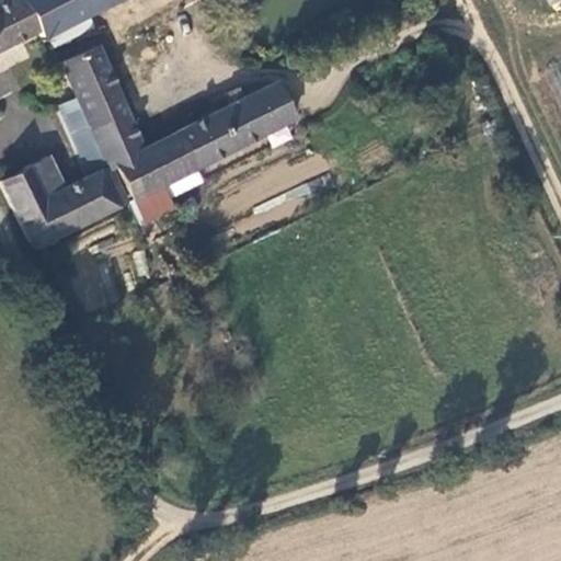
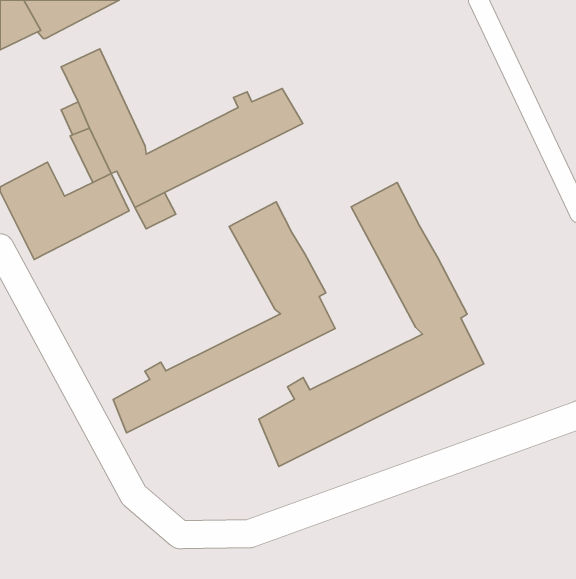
building: none -> [259,183,484,466]
building: none -> [113,202,335,433]

